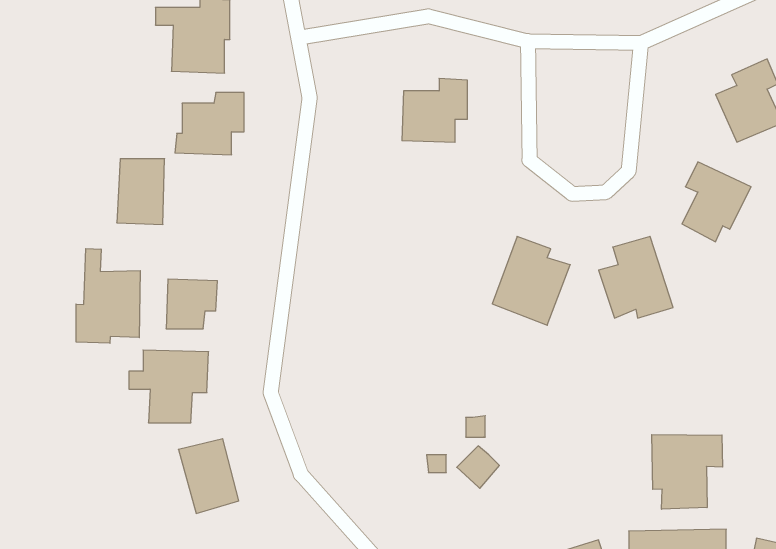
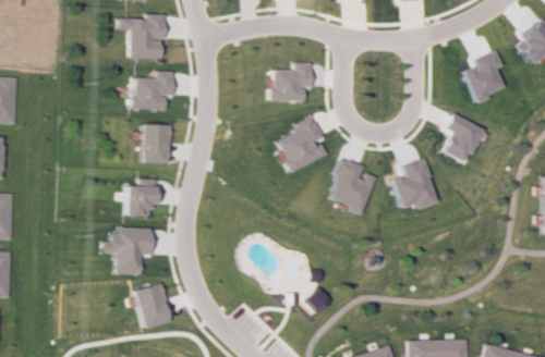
building: [117,159,165,224] -> [141,124,170,164]
building: none -> [274,120,325,172]
building: [76,249,140,343] -> none
building: [652,435,723,509] -> none

